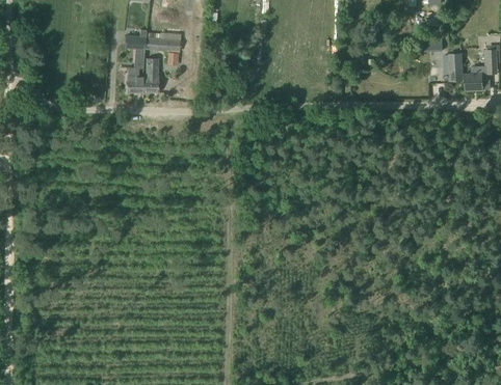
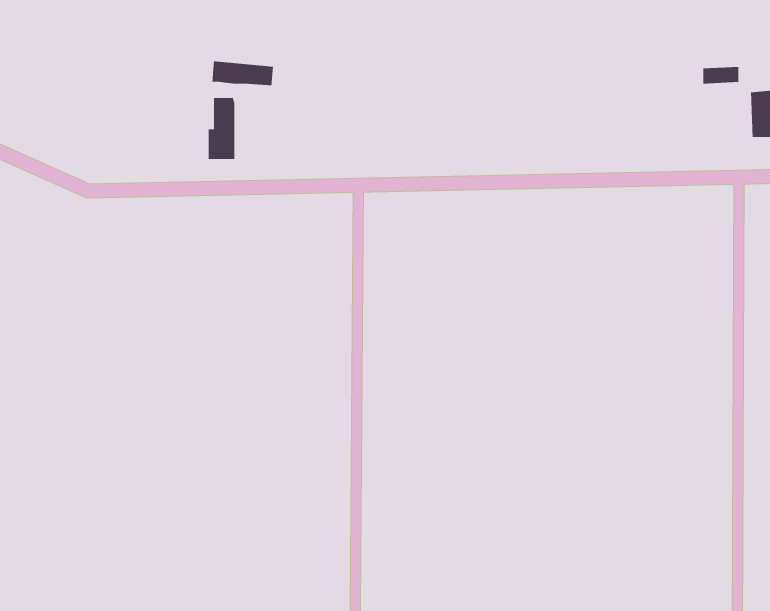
building: [125,29,147,92] -> none

